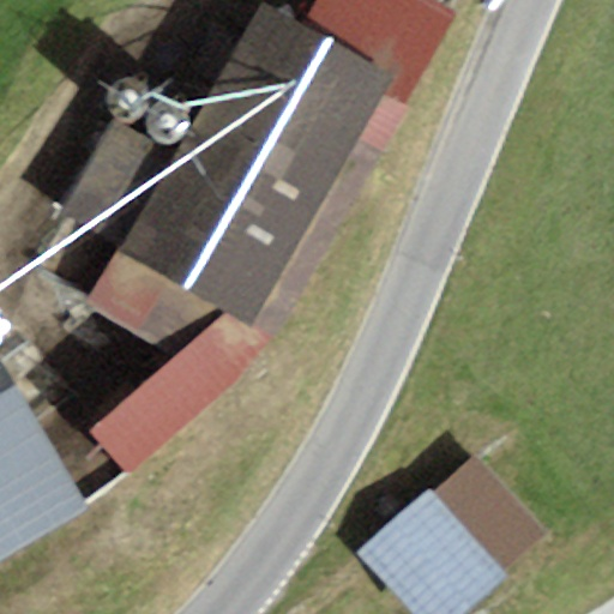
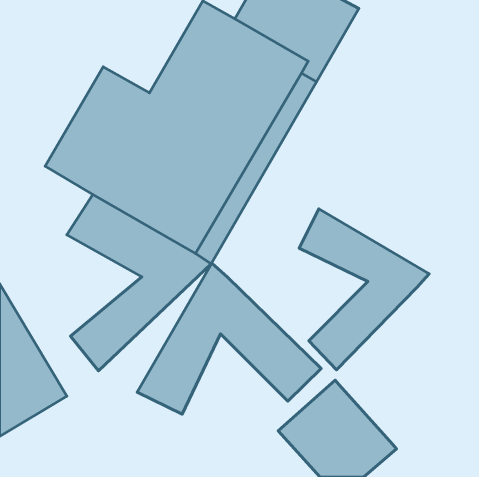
building: none -> [299,209,429,370]
building: none -> [137,263,321,414]
building: [433,456,542,567] -> none

